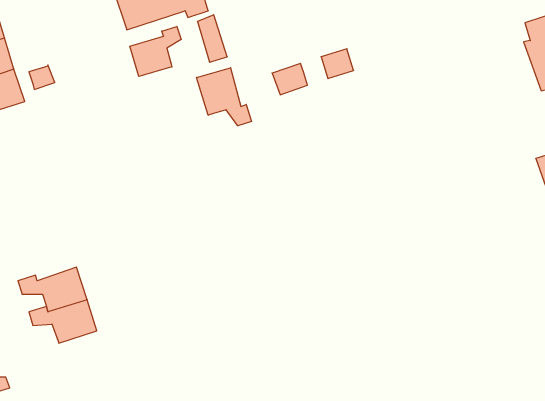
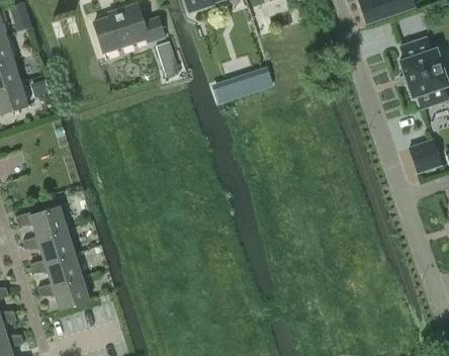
building: [130,26,181,76] -> none
building: [197,68,252,126] -> none
building: none -> [15,205,66,240]
building: none -> [37,277,89,310]

